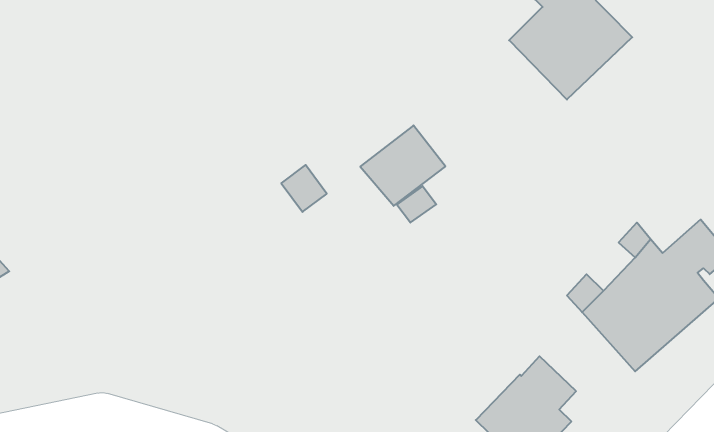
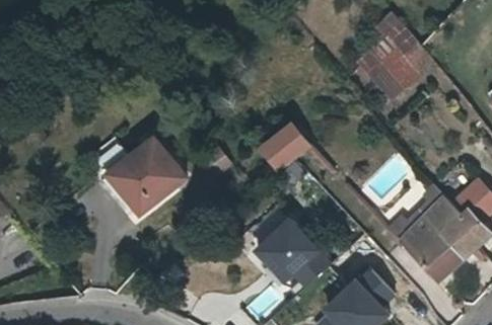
building: none -> [96,146,181,221]
building: none -> [248,212,330,285]

